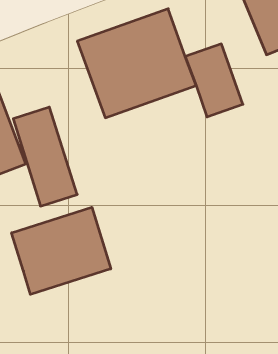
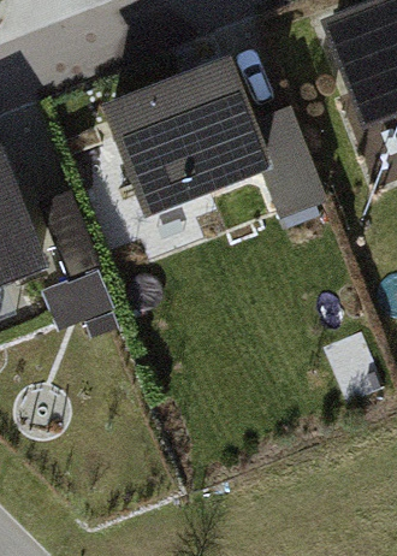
building: [12,207,111,294] -> none

